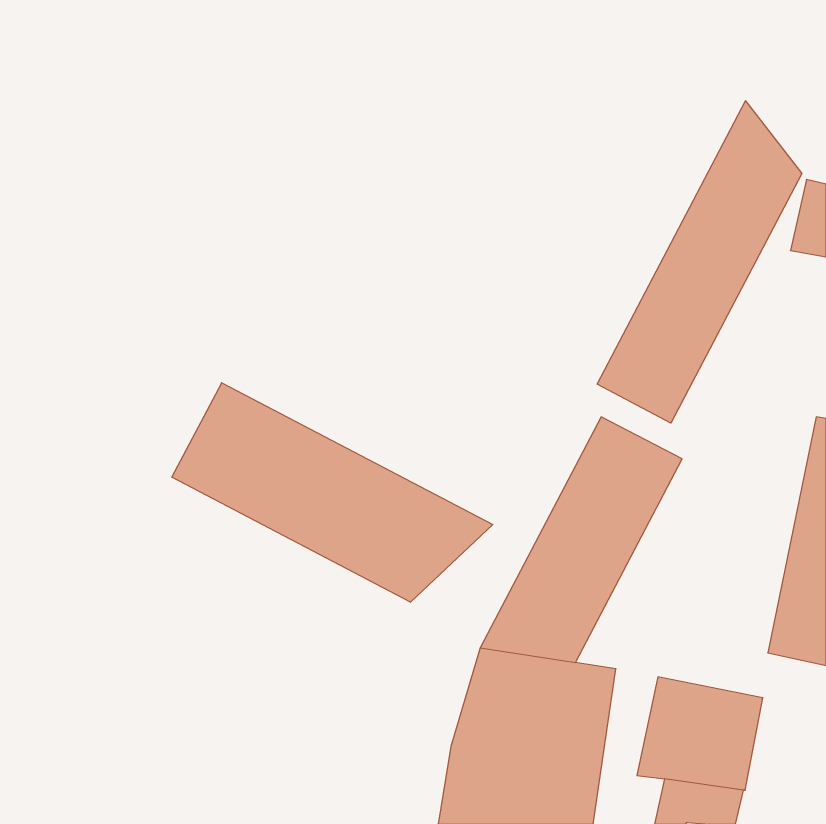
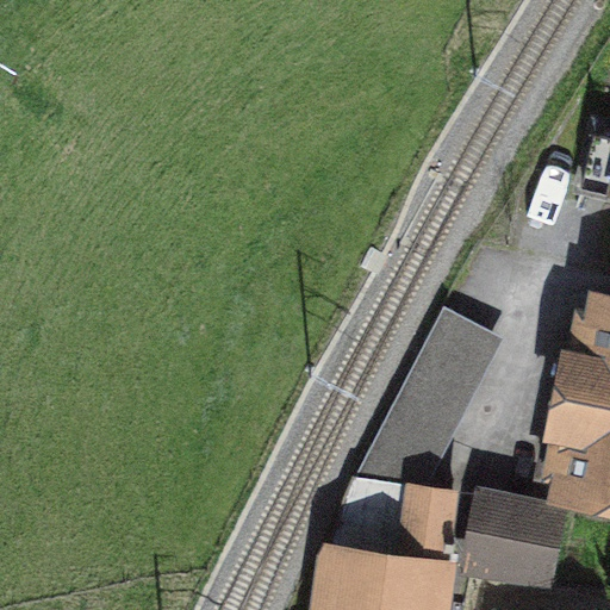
building: [597,101,802,423] -> none
building: [172,383,493,602] -> none

